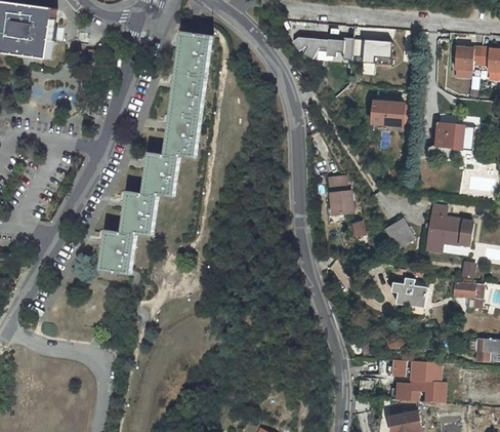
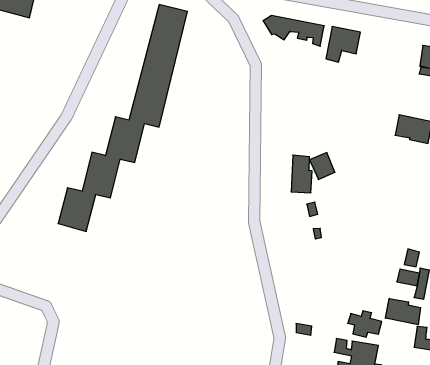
building: [364,96,403,128] -> none
building: [426,205,472,250] -> none
building: [386,219,414,247] -> [309,153,335,180]
building: [383,277,418,304] -> [348,311,382,337]
building: none -> [385,298,421,325]

